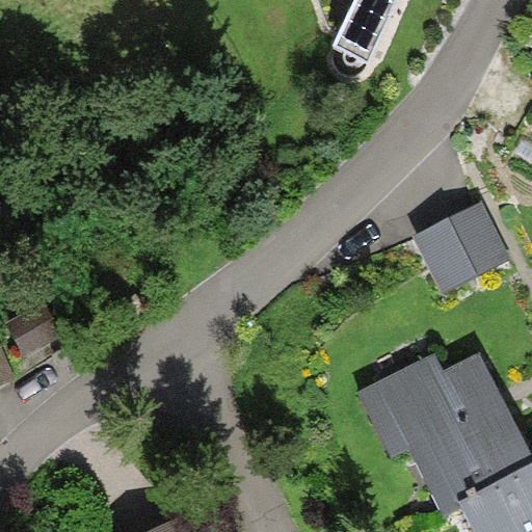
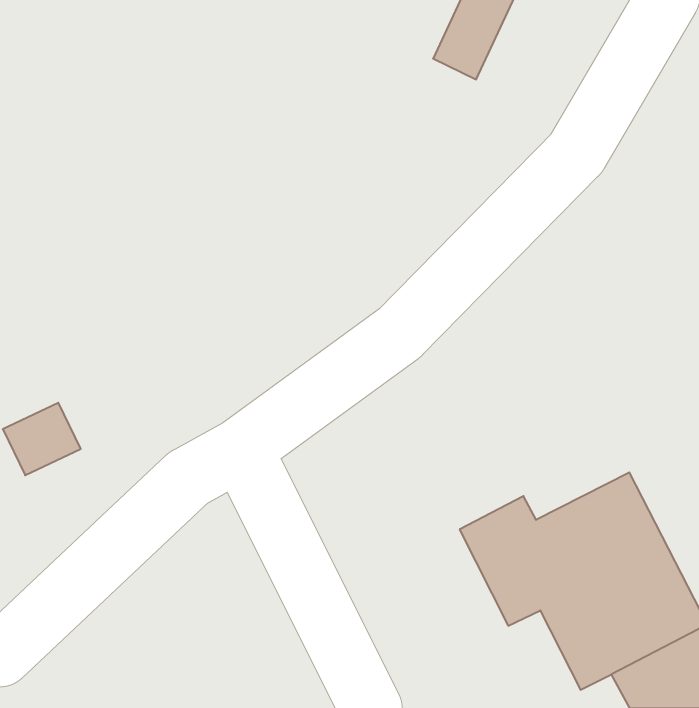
building: [416,203,507,291] -> none

